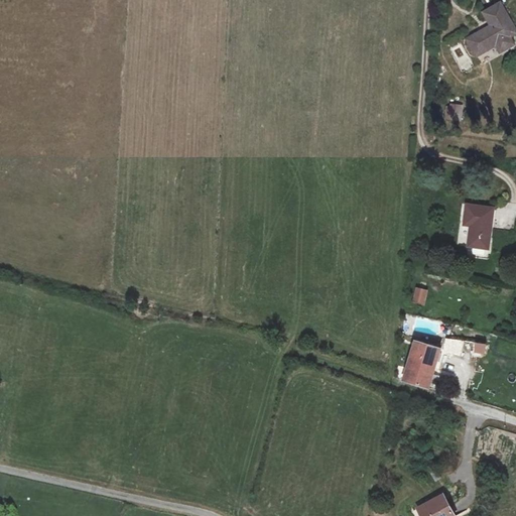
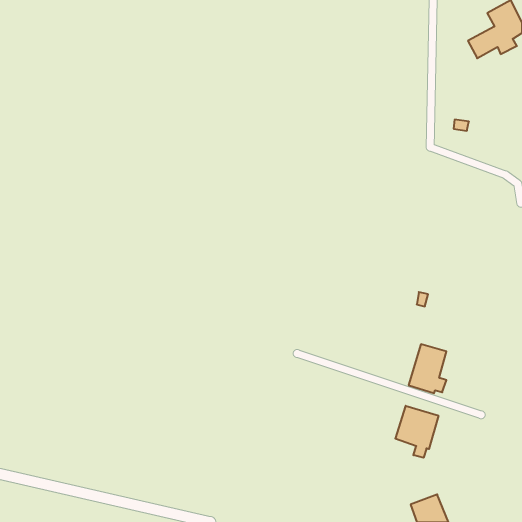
building: [463,203,494,250] -> none
building: none -> [395,406,438,458]

